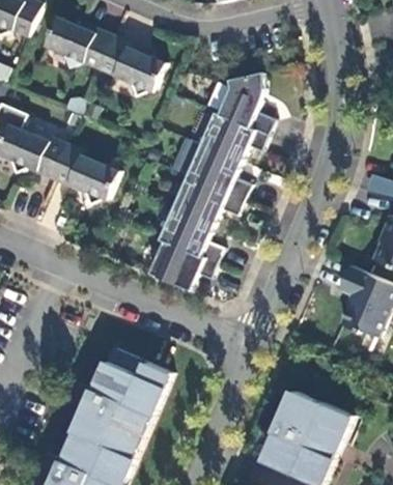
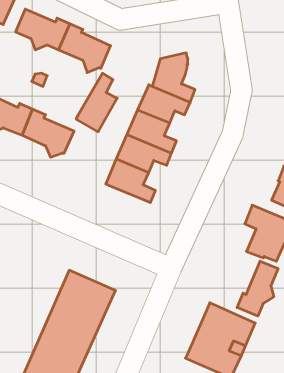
building: none -> [76,73,117,132]
building: [148,240,216,290] -> none
building: none -> [237,261,278,316]

